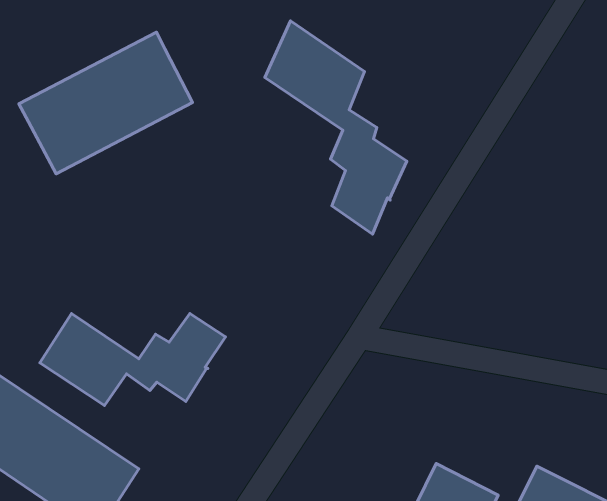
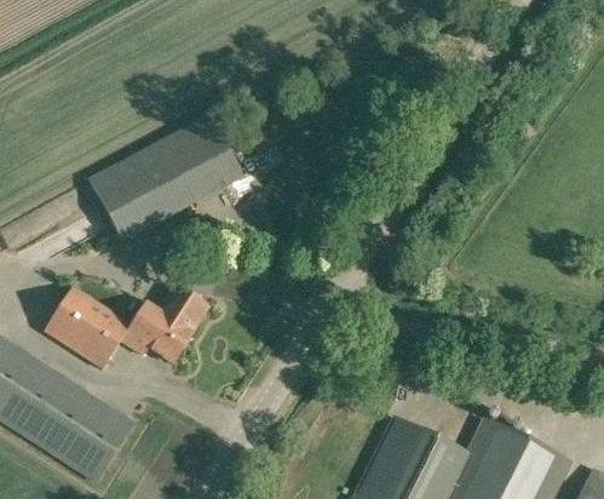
building: [265,21,407,234] -> none
building: [19,32,192,174] -> [91,116,243,241]

